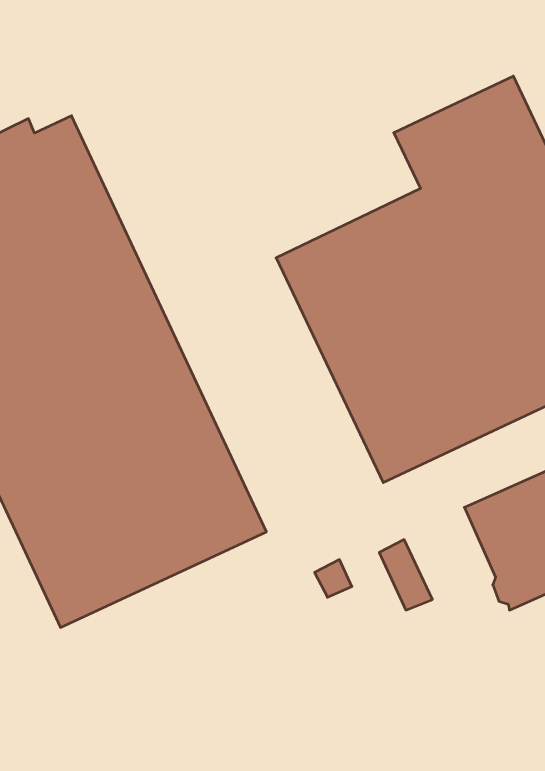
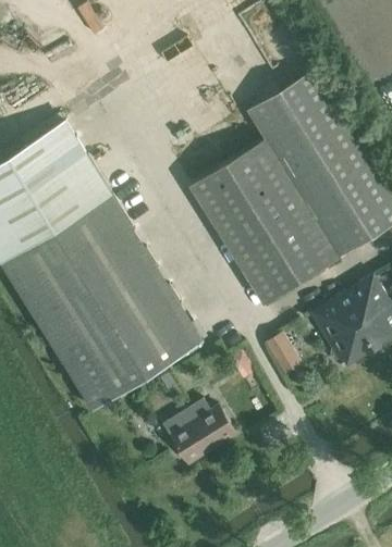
building: none -> [163,401,236,467]

